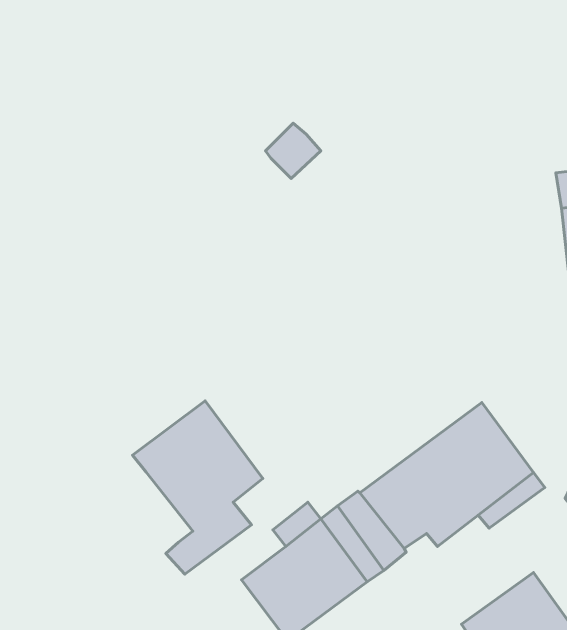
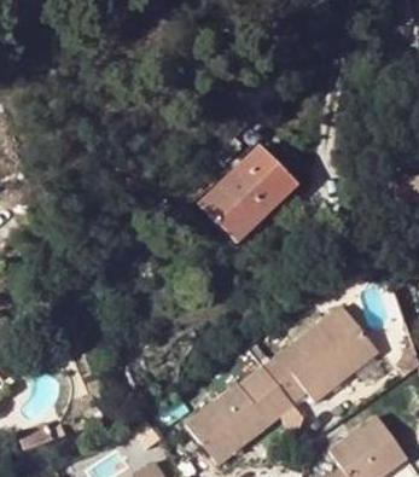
building: none -> [198,147,293,243]
building: [133,401,263,574] -> none

